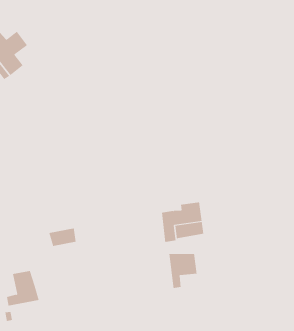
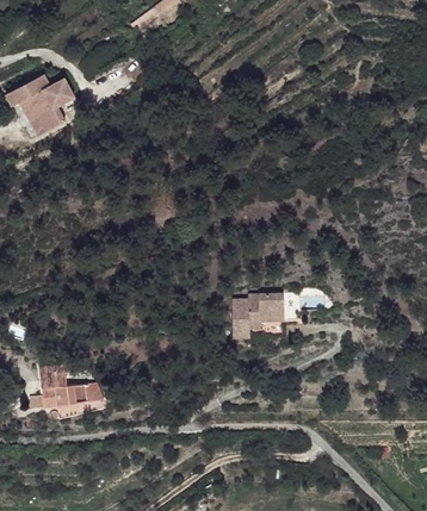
building: [48,228,77,247] -> [67,382,101,404]
building: [169,253,197,289] -> none

